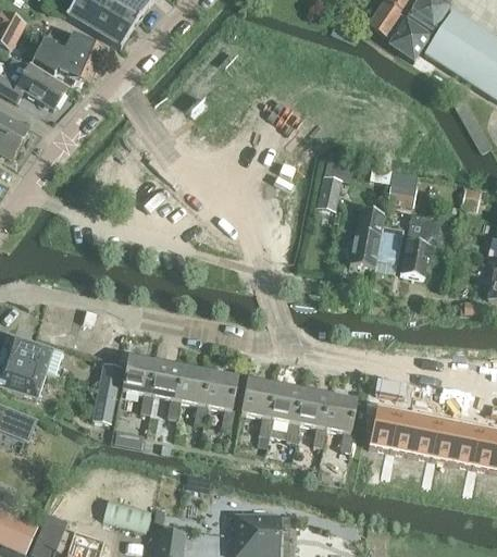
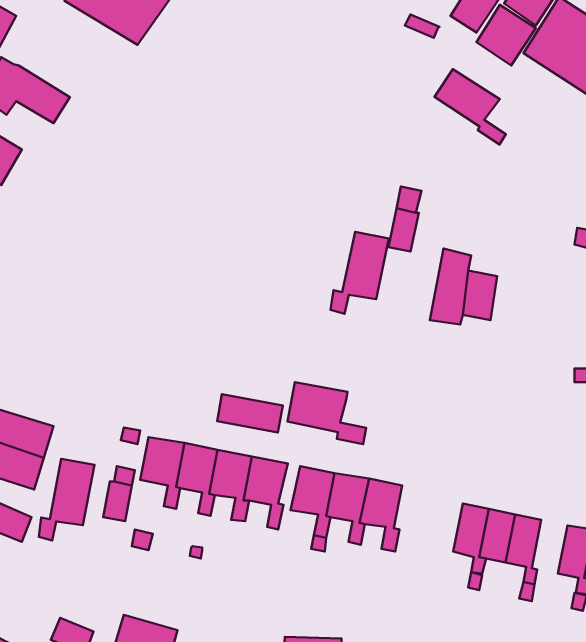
building: [29,30,105,81] -> none
building: none -> [435,69,506,144]
building: [387,168,418,203] -> none
building: none -> [331,232,389,314]
building: [400,213,442,276] -> none
building: none -> [287,382,366,444]
building: none -> [217,394,283,432]
building: none -> [39,459,94,540]
building: [322,393,356,450] -> none
building: [431,420,459,462] -> none

